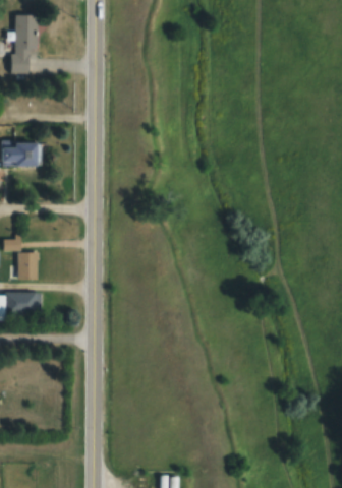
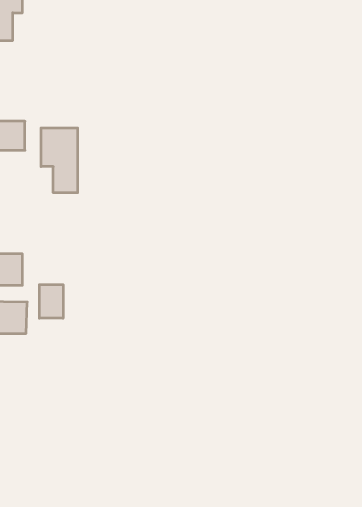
building: none -> [41,128,78,193]
building: none -> [39,285,63,318]

